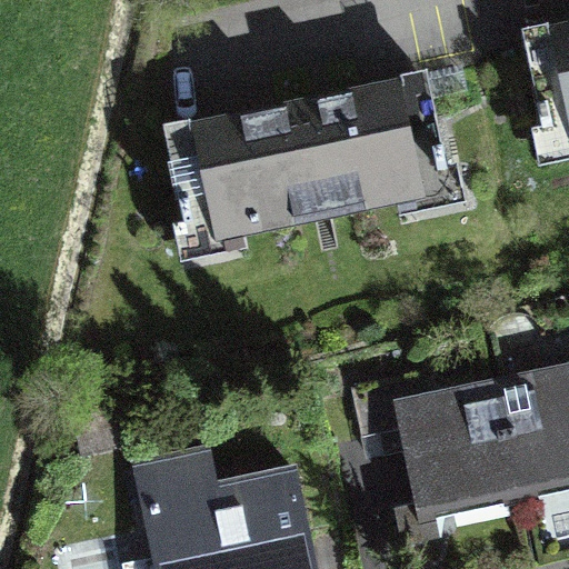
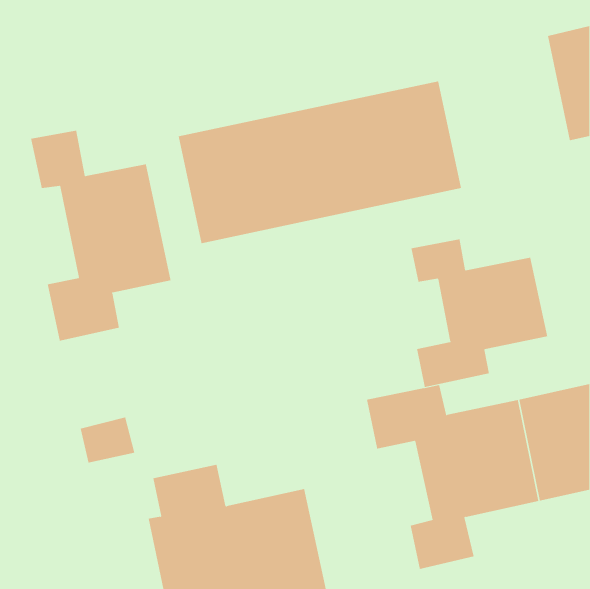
building: none -> [31,130,171,341]
building: none -> [411,238,548,388]

